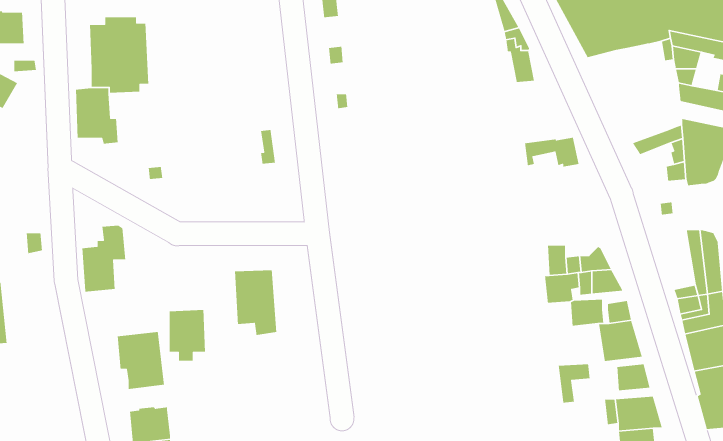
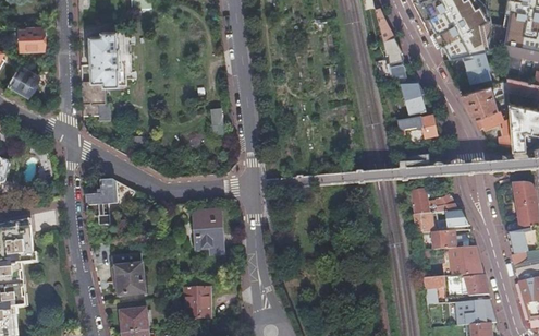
building: none -> [463,51,488,84]
building: none -> [401,83,425,118]
building: none -> [461,86,498,121]
building: [169,309,206,362] -> [184,287,210,324]

